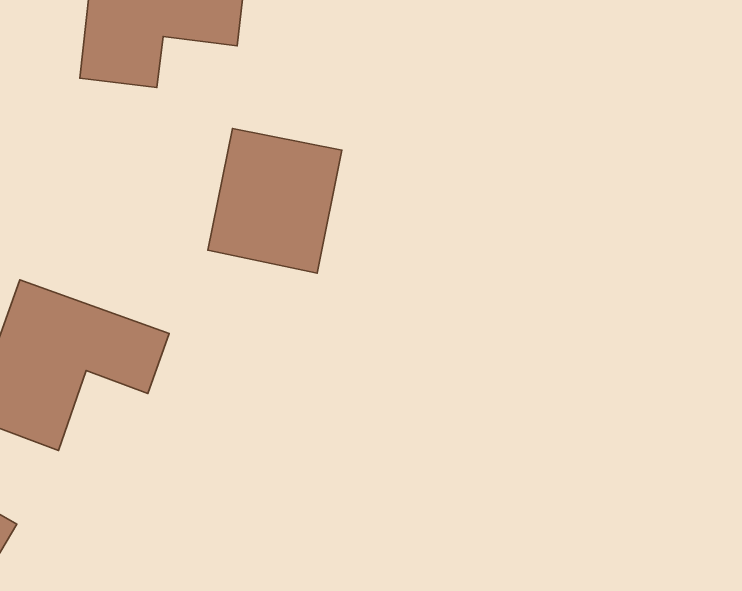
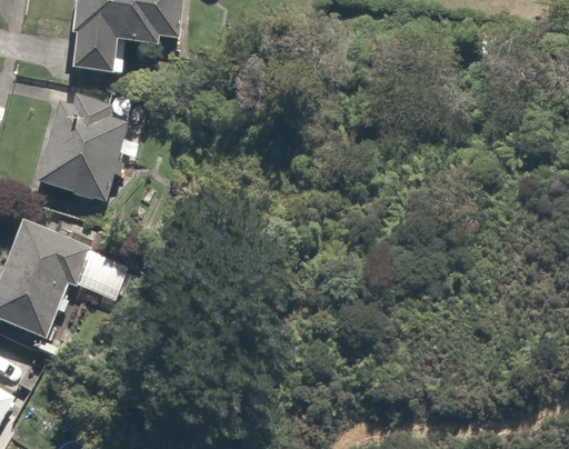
building: [208,129,342,273] -> [34,92,131,197]

